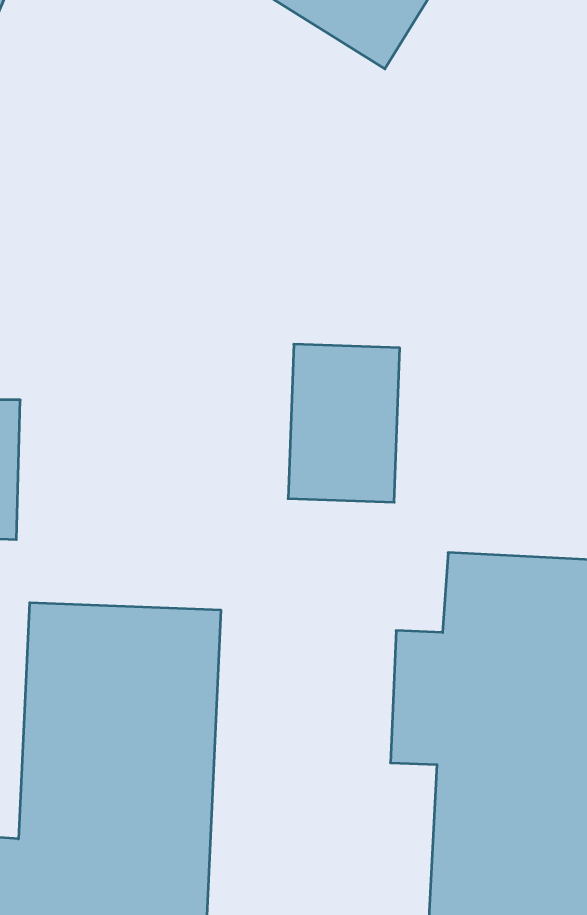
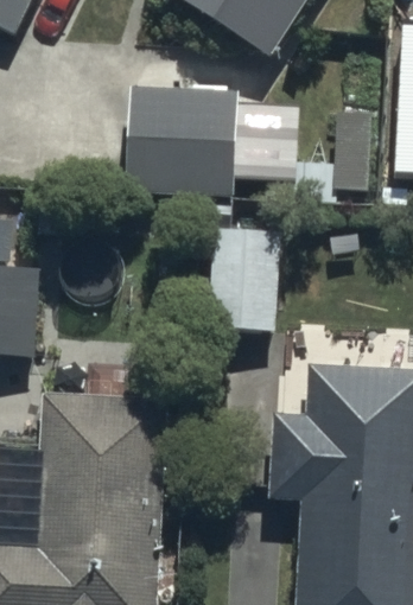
building: none -> [127,87,272,193]

